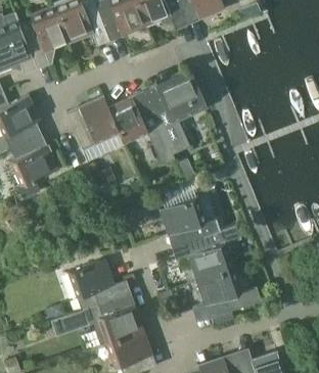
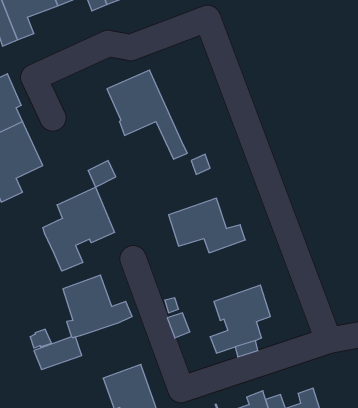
building: [143,71,206,153] -> none
building: [66,97,120,149] -> none
building: none -> [43,187,114,271]
building: [187,226,240,280] -> none
building: [87,297,136,344] -> none

